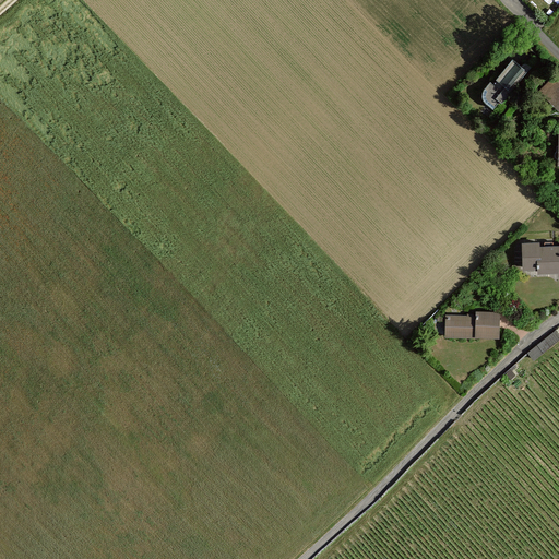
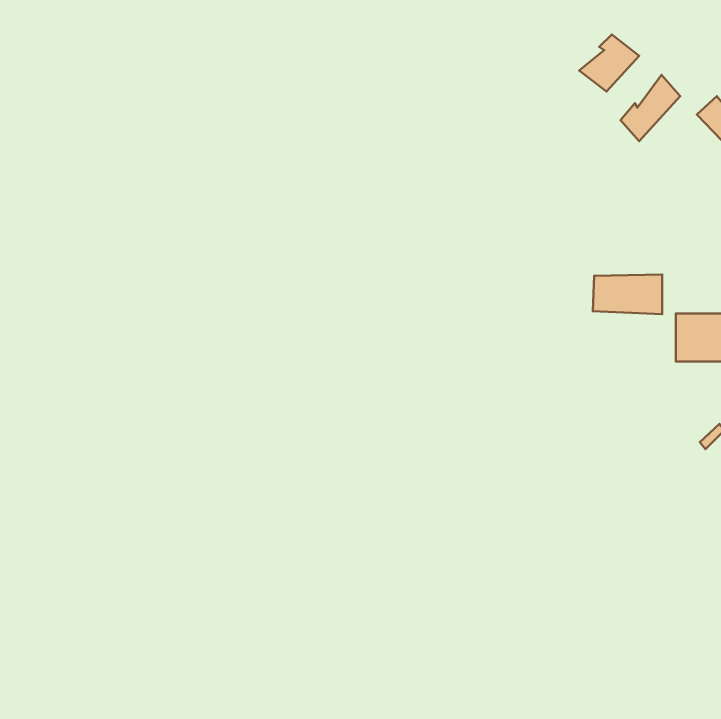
building: none -> [579,35,639,92]
building: [445,311,499,342] -> [593,274,662,314]

